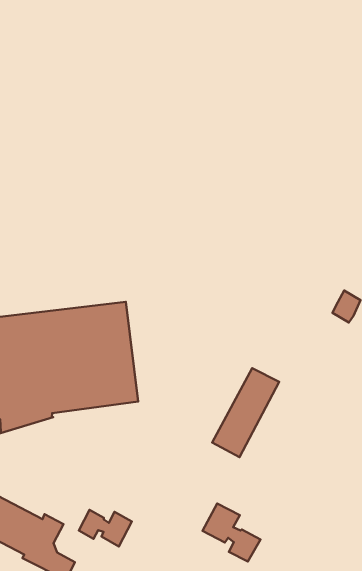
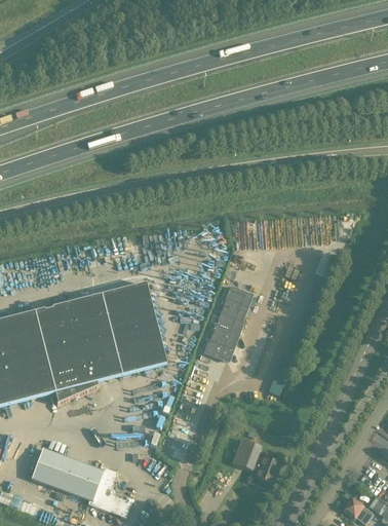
building: [212,368,279,457] -> [205,284,254,358]
building: [79,510,132,546] -> none

